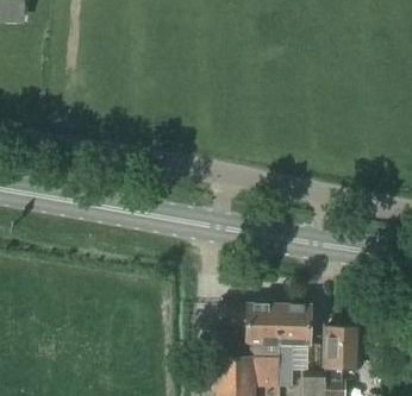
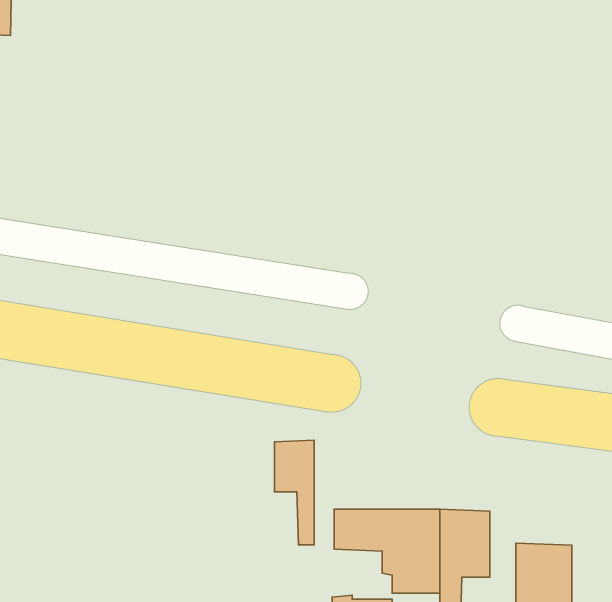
building: none -> [275,440,314,545]

